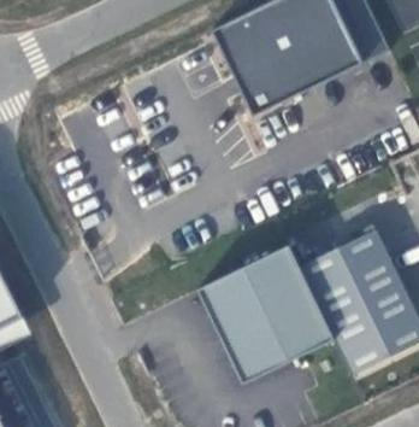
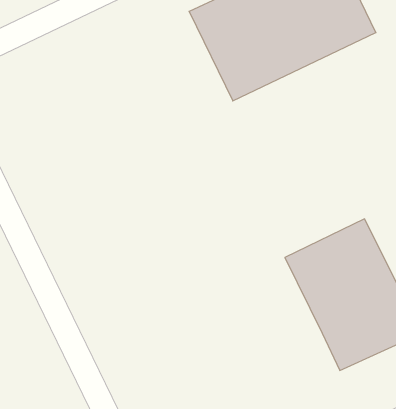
building: [195,244,336,386] -> none

